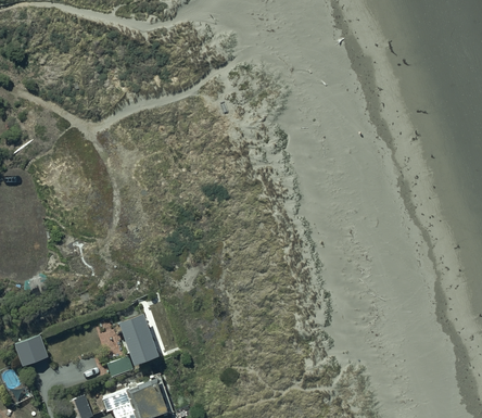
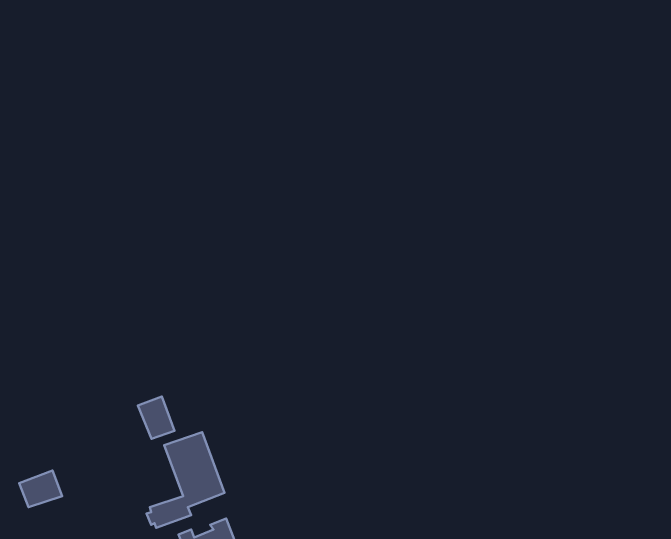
building: none -> [138,397,174,439]

